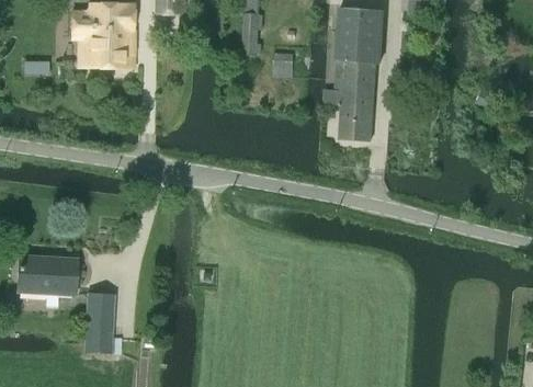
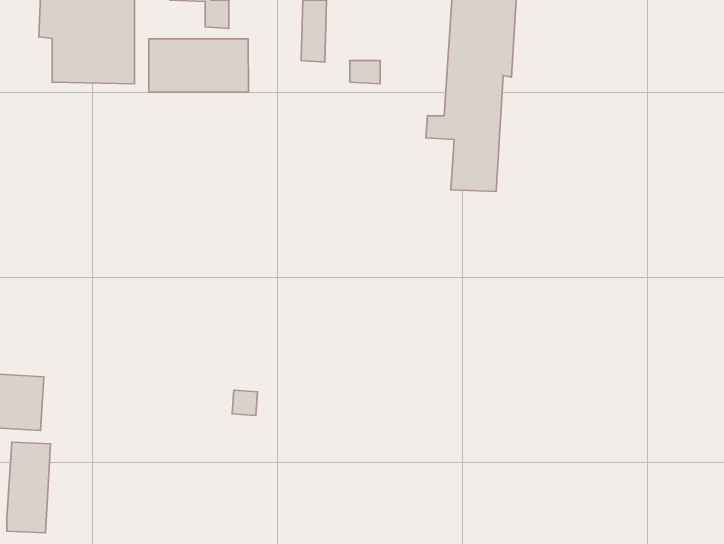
building: none -> [149,39,248,92]
building: [84,294,113,353] -> [7,442,51,533]

